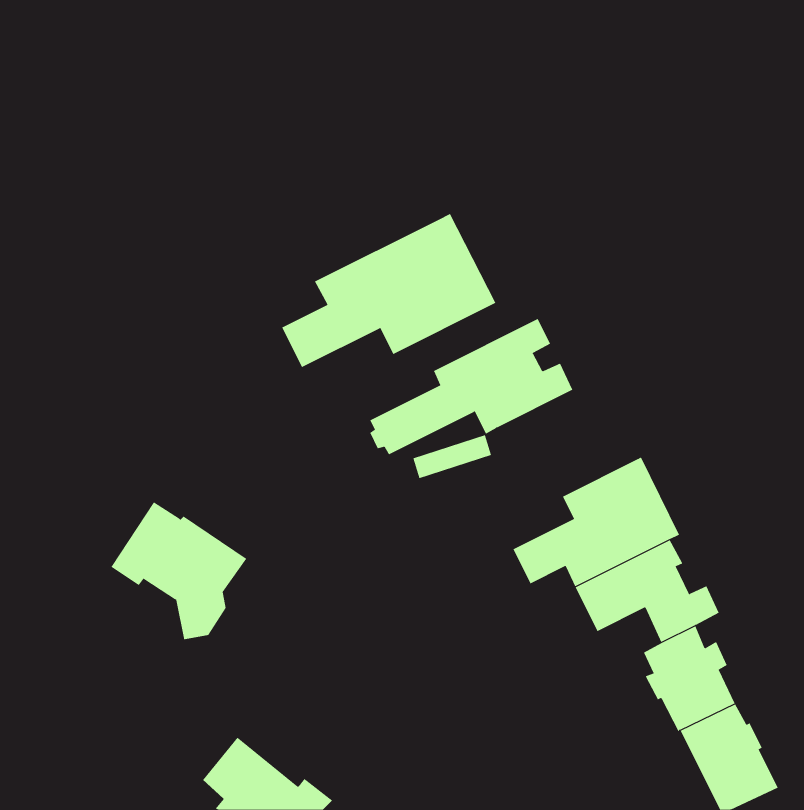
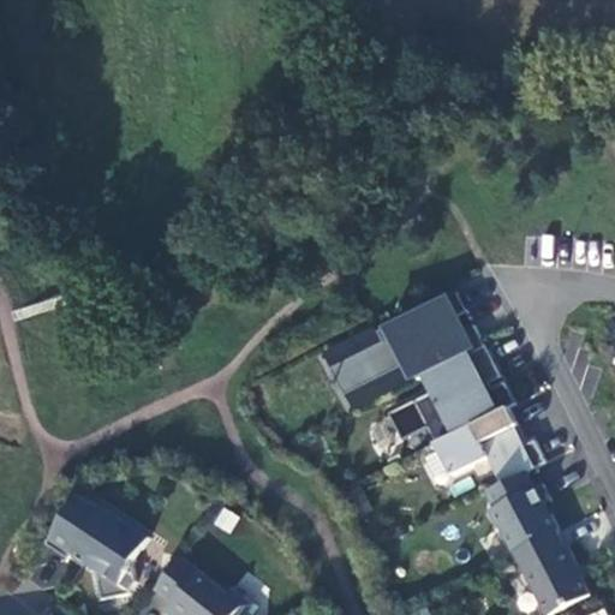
building: [281,213,496,368] -> none
building: [369,318,573,455] -> [328,292,482,395]
building: [110,501,247,640] -> [44,495,148,599]

